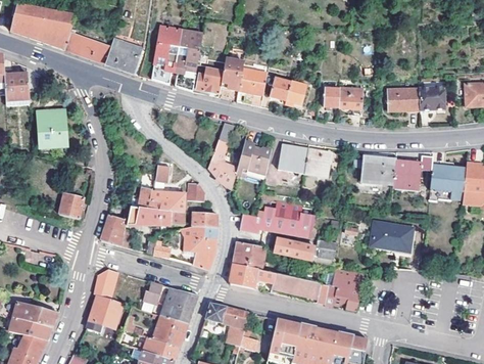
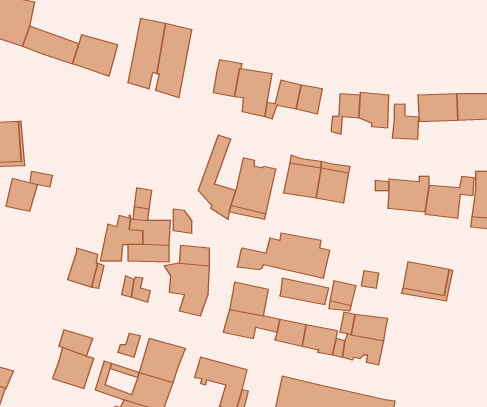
building: [197,66,224,93] -> none
building: none -> [393,104,418,139]
building: [59,191,85,218] -> [6,179,37,211]

